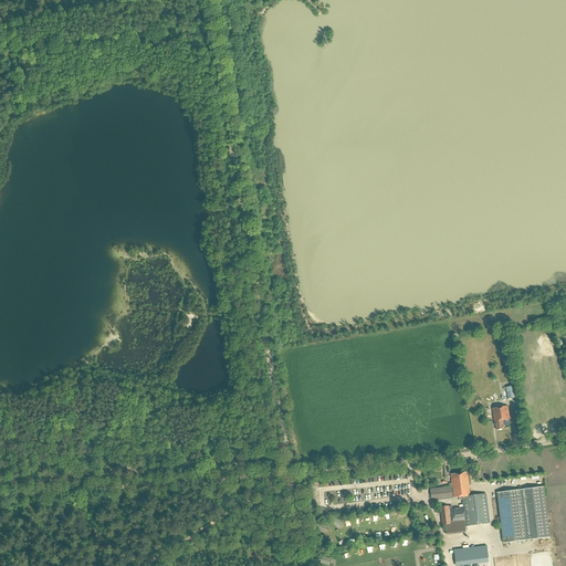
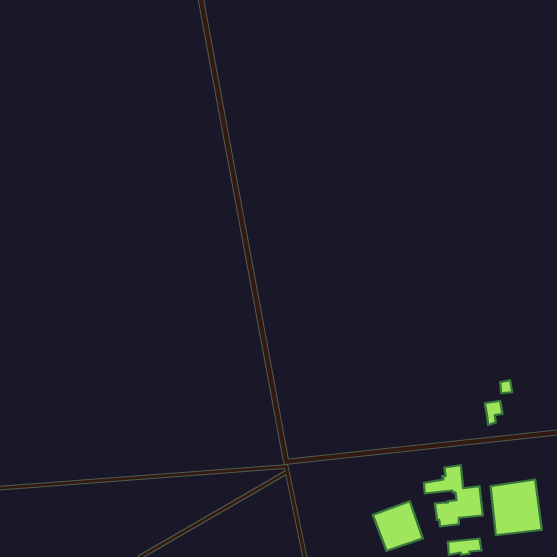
building: none -> [373,501,423,551]

